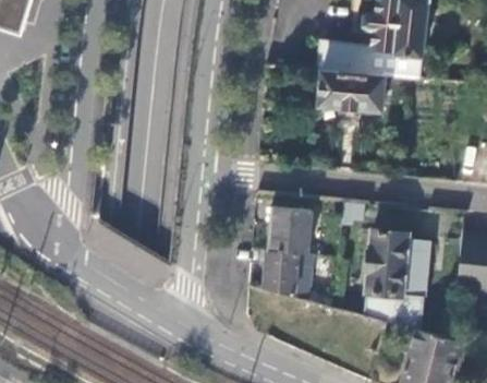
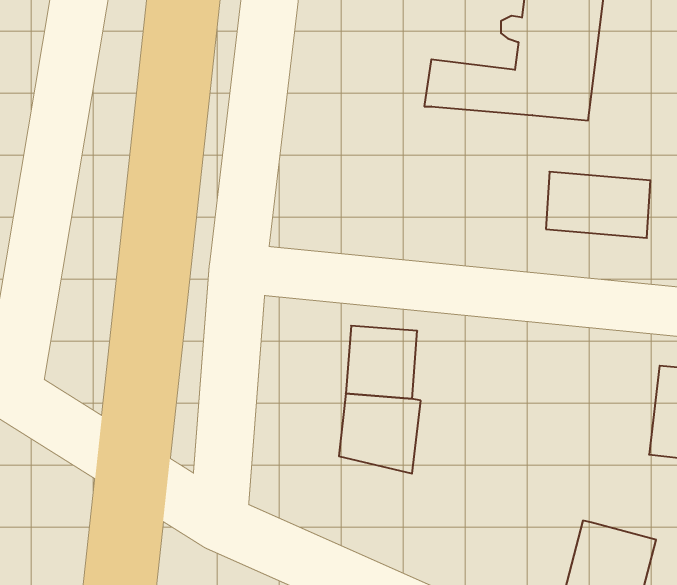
building: [317,69,382,110] -> [546,172,650,238]
building: [364,230,428,330] -> none

